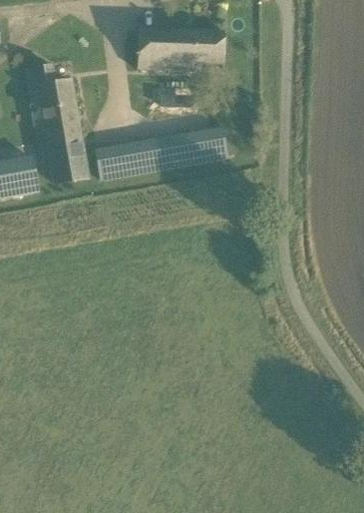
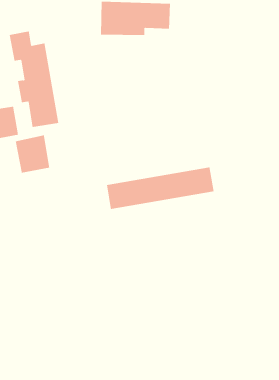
building: [95,128,228,180] -> [106,167,214,209]
building: none -> [15,134,50,173]

